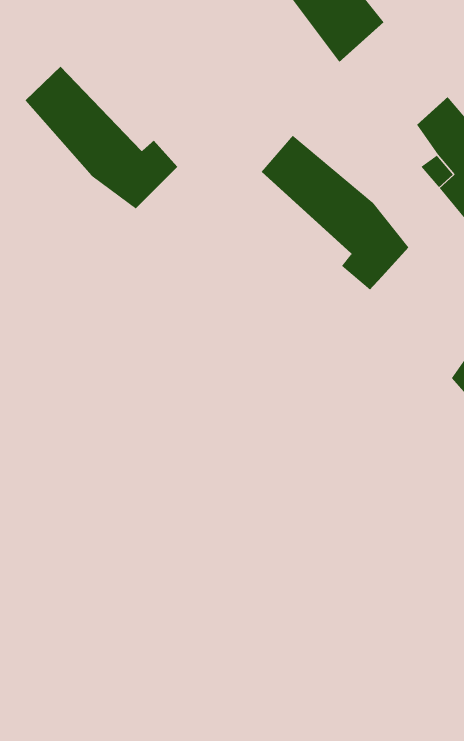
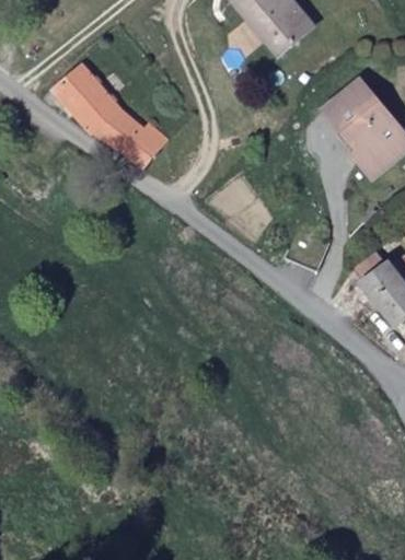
building: [261,135,409,291] -> none

